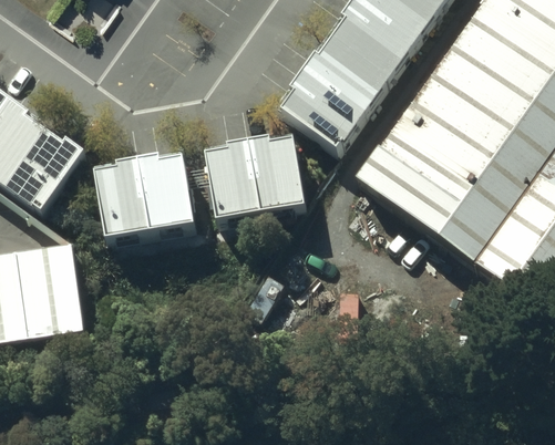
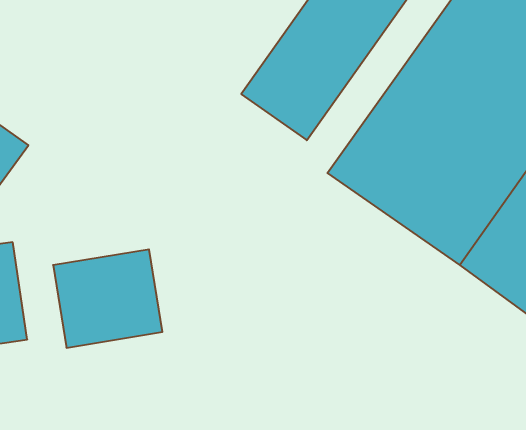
building: [205,131,305,219] -> none
building: [94,147,194,237] -> [53,249,162,348]

